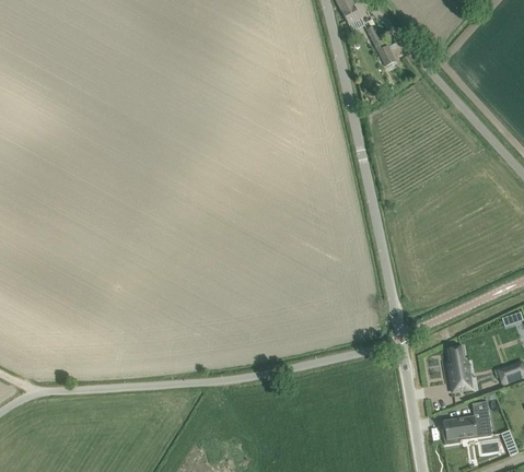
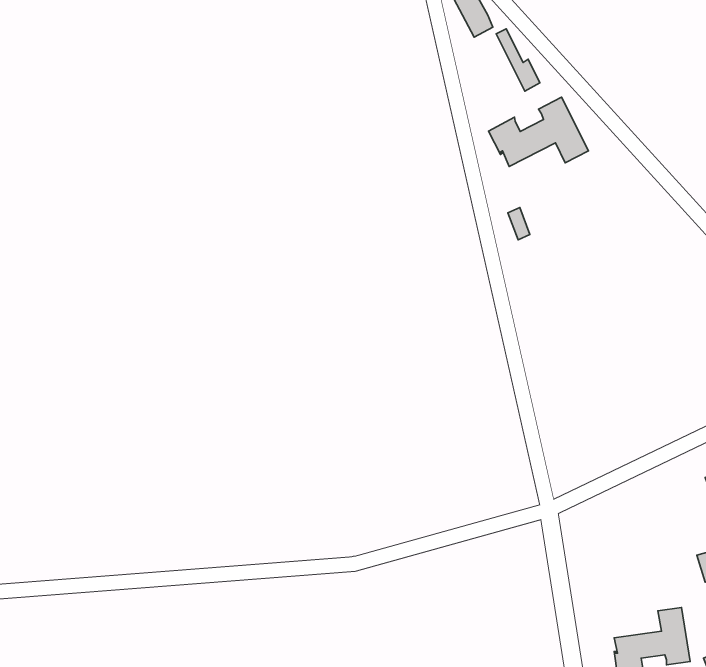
building: none -> [488,97,588,167]
building: [446,346,471,392] -> none

